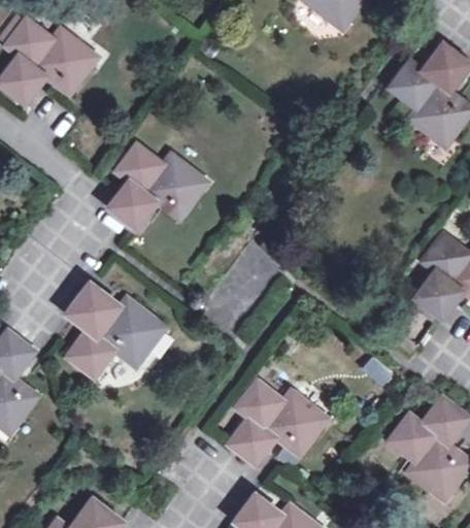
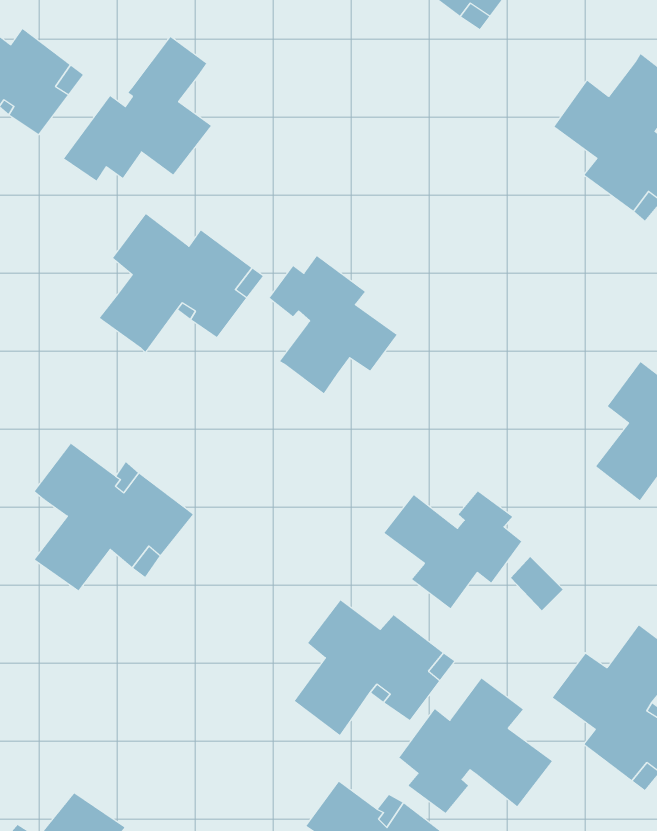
building: none -> [63,36,212,181]
building: none -> [269,255,397,394]
building: none -> [383,491,522,609]
building: none -> [398,677,553,814]

